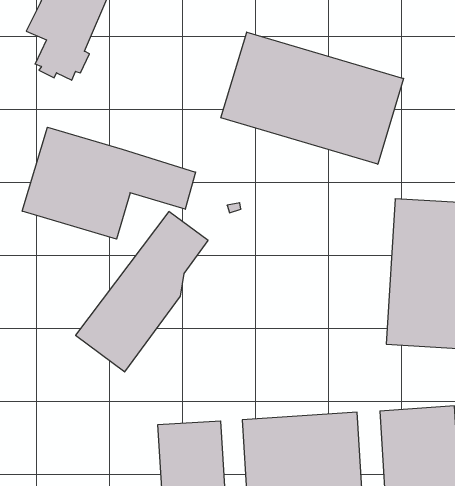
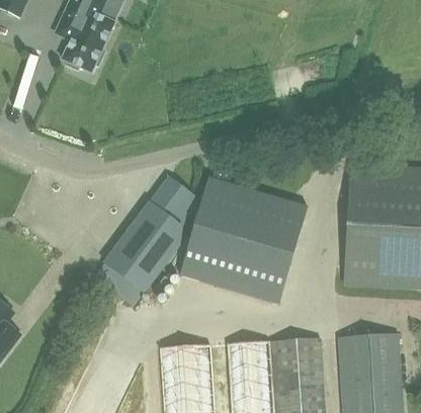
building: [221,32,404,164] -> none
building: [22,127,196,239] -> none
building: none -> [180,177,307,302]

